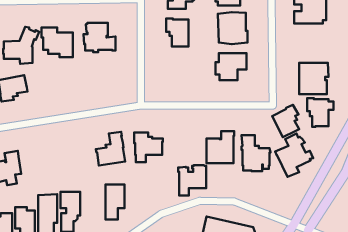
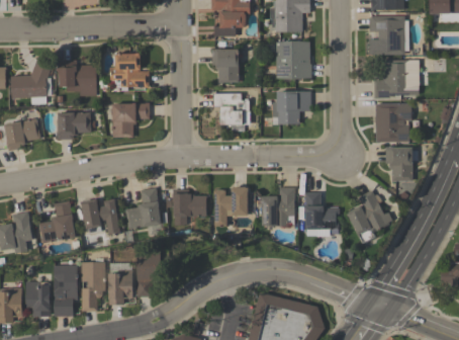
building: none -> [373,59,419,97]
building: none -> [213,92,250,124]
building: none -> [111,102,149,137]
building: none -> [57,111,91,139]
building: [272,105,299,137] -> none
building: none -> [80,198,120,235]
building: none -> [38,200,76,243]
building: [178,165,206,196] -> [213,186,248,224]
building: none -> [107,269,132,304]

